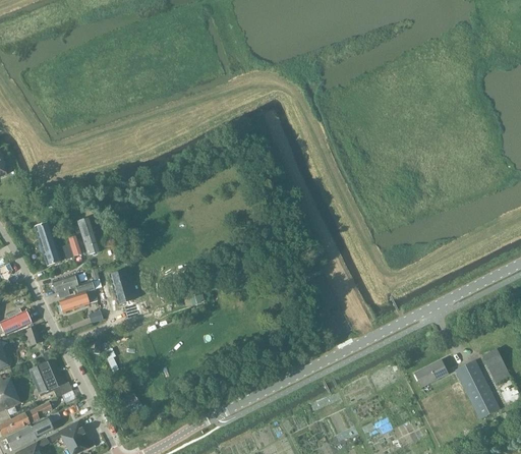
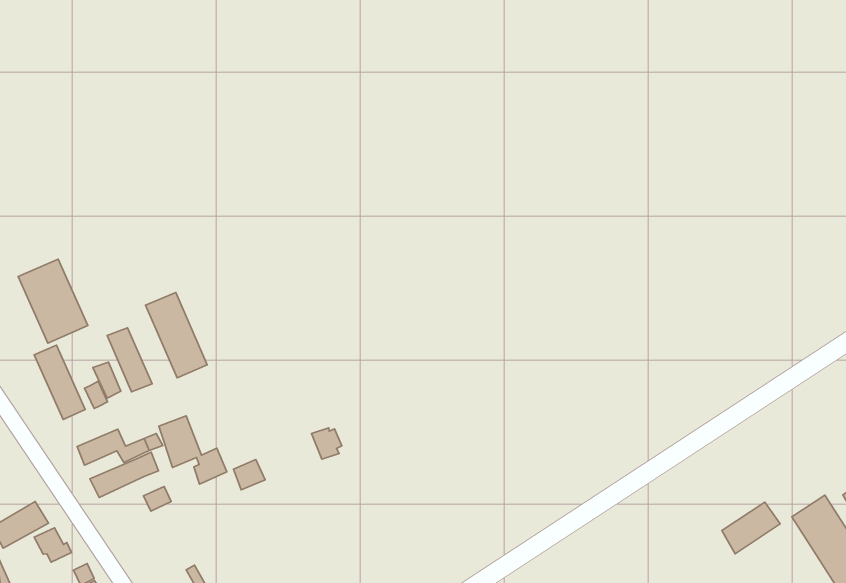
building: none -> [18,259,88,343]
building: none -> [146,292,207,378]

